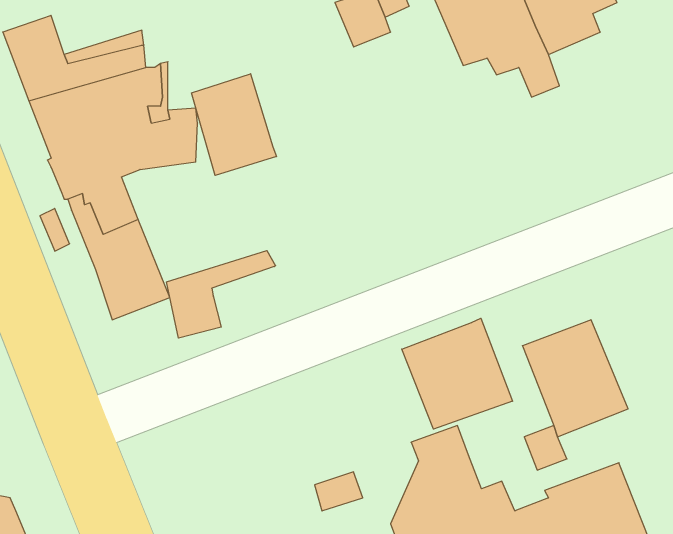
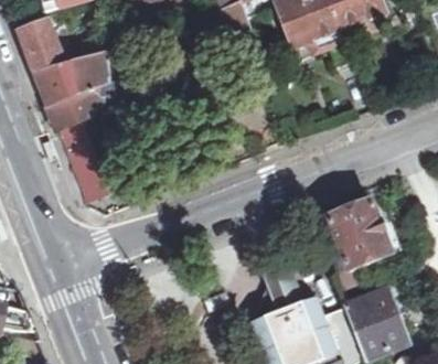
building: [191,74,276,175] -> none
building: [166,251,276,338] -> none
building: [402,318,513,429] -> none

